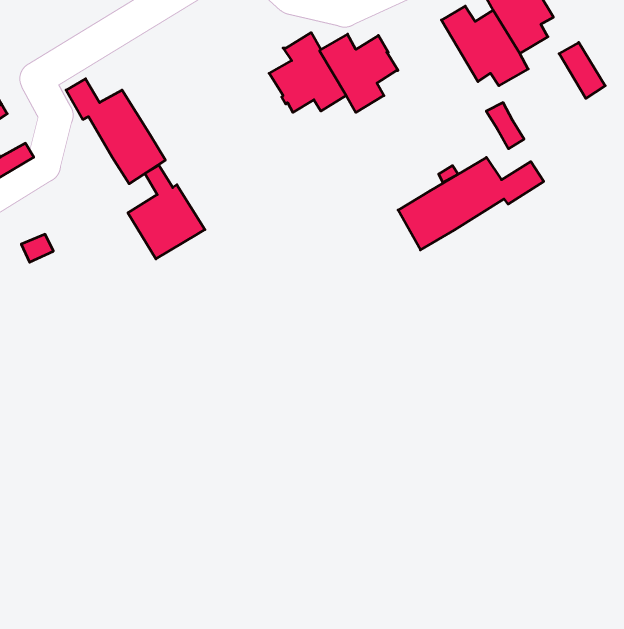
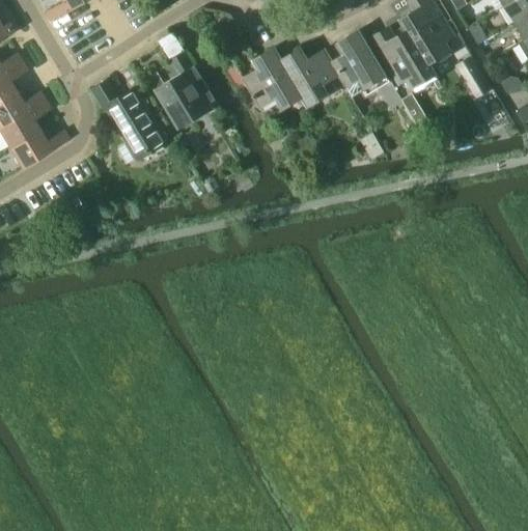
building: none -> [330,30,387,97]
building: [398,157,544,250] -> none
building: [128,165,205,259] -> [158,53,215,122]

